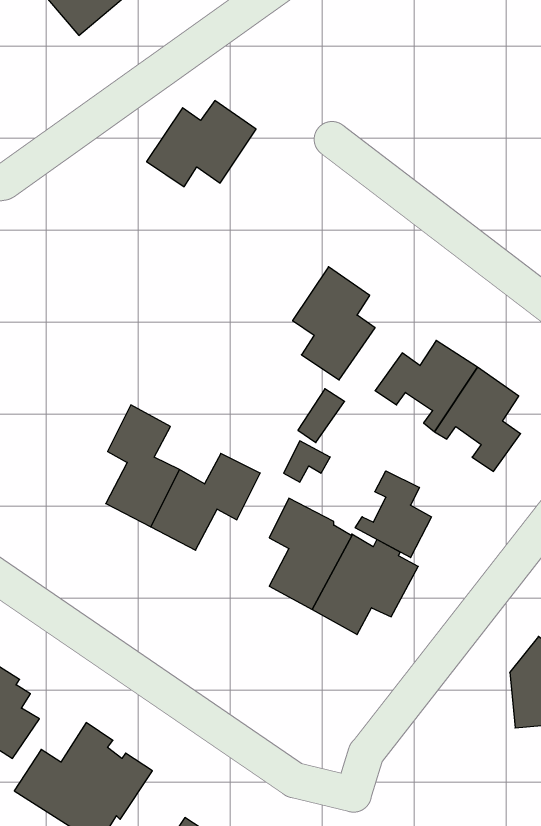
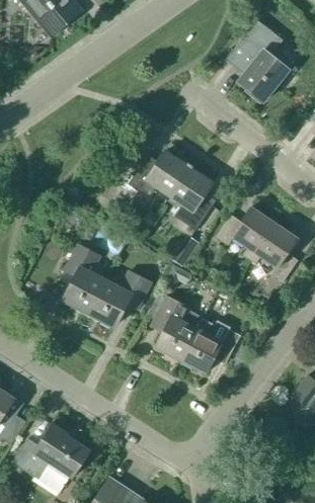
building: none -> [230,20,287,101]
building: [147,101,256,187] -> [128,150,189,198]
building: [355,471,431,558] -> none

